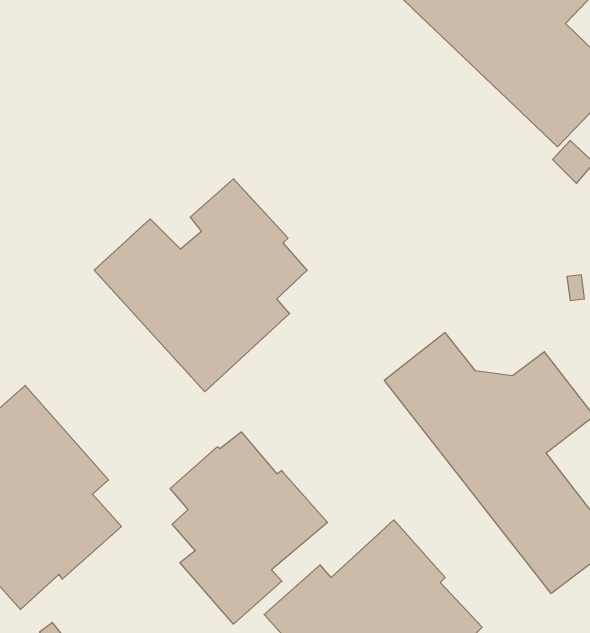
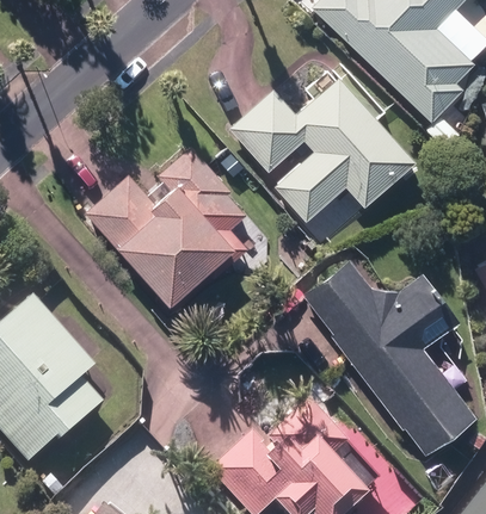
building: none -> [229,79,416,221]
building: [170,432,328,624] -> none

